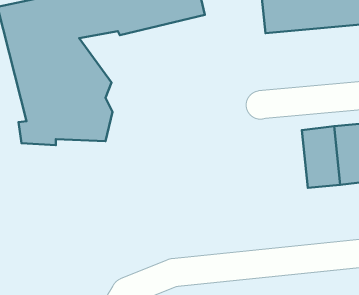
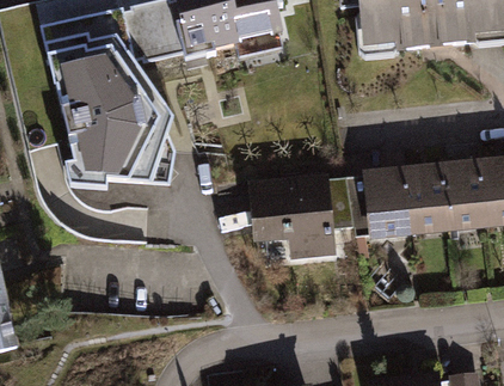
building: none -> [361,169,406,241]
building: none -> [238,173,349,261]

